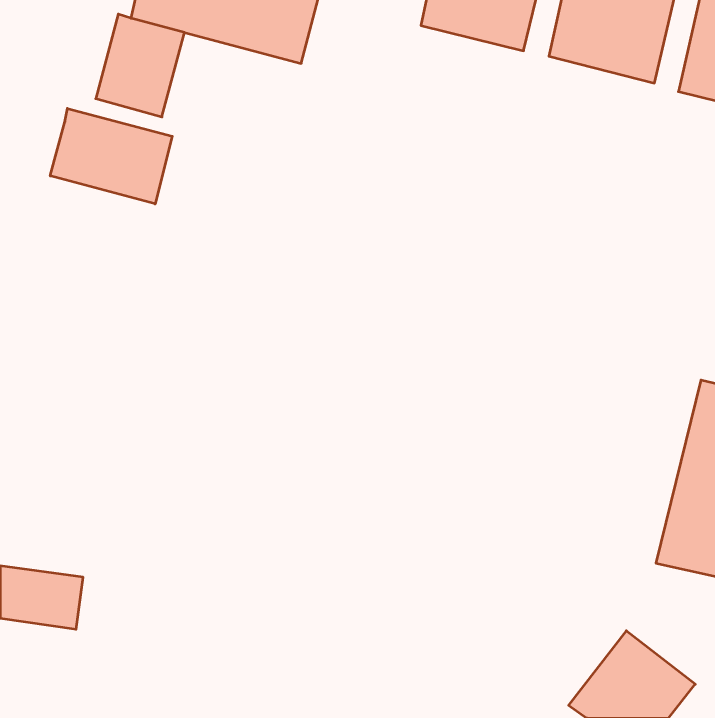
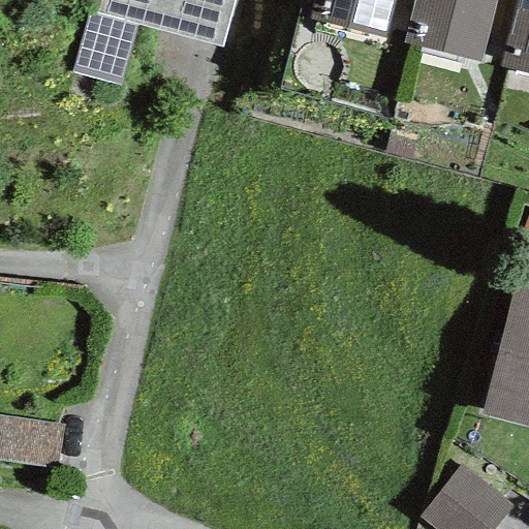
building: [50,108,172,204] -> none

